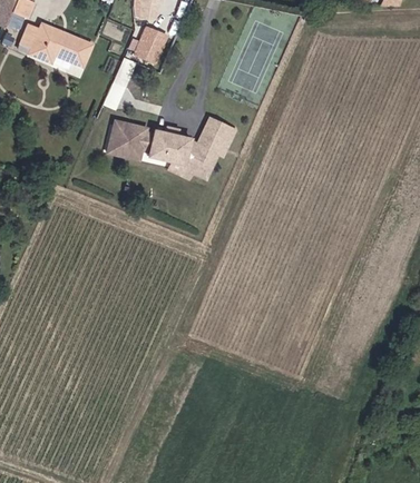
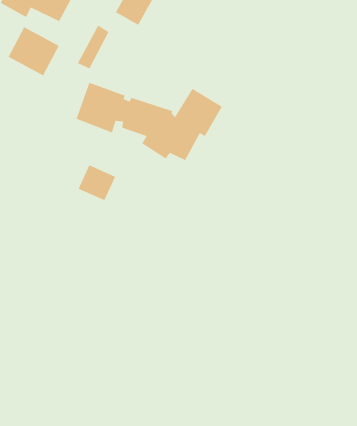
building: none -> [7,26,60,76]
building: none -> [78,164,116,201]

